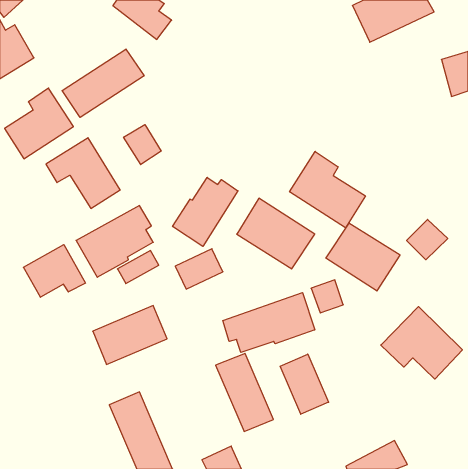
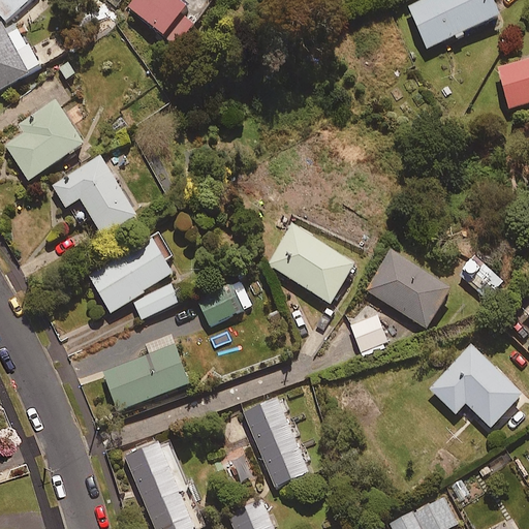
building: [62,49,144,117] -> none
building: [124,125,161,165] -> none
building: [290,151,365,228] -> none
building: [173,177,238,246] -> none
building: [23,245,85,297] -> none
building: [223,293,315,352] -> none
building: [280,354,329,414] -> none

